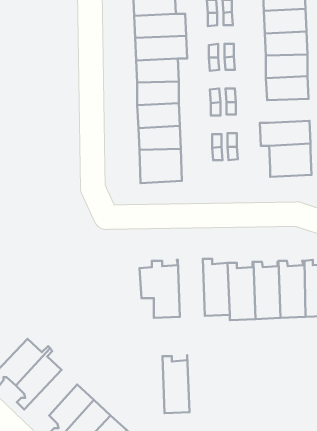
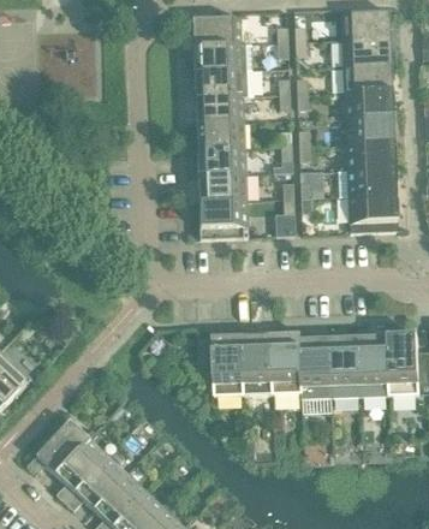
building: none -> [345,142,394,170]
building: [162,355,189,413] -> [242,327,273,394]
building: none -> [64,456,125,510]

